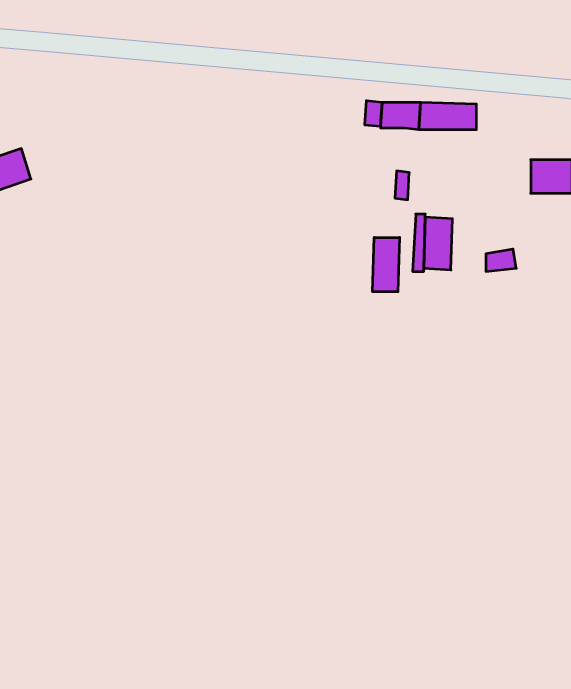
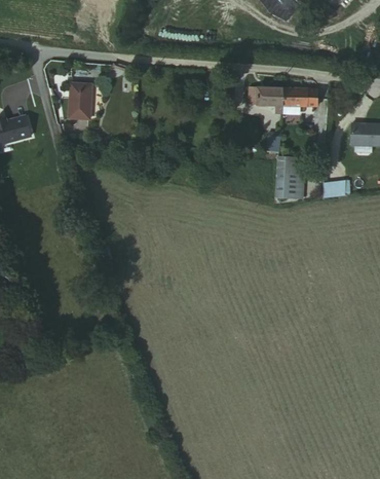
building: none -> [73,81,98,118]
building: [373,237,400,292] -> none

